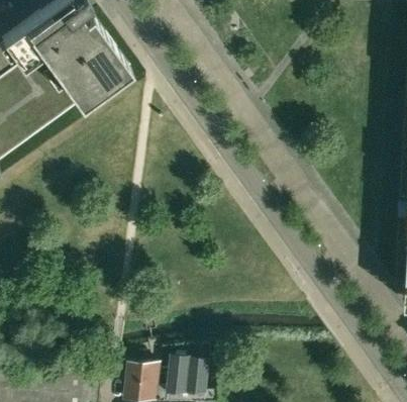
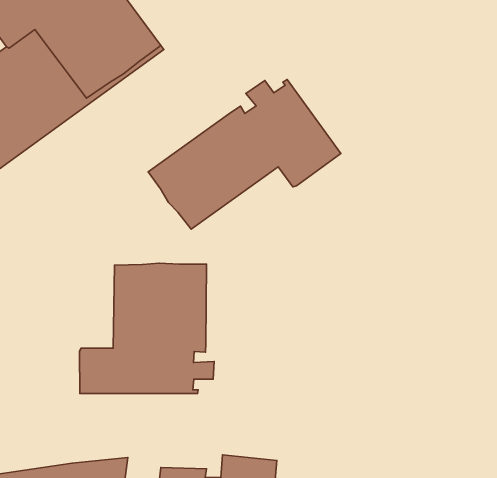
building: none -> [148,80,341,229]
building: none -> [80,263,214,394]

